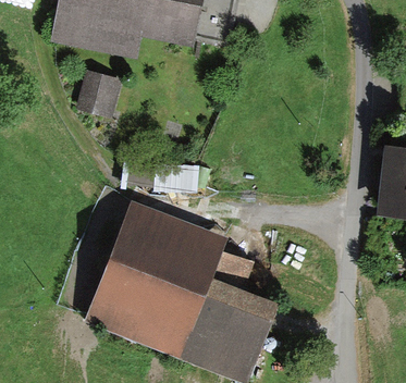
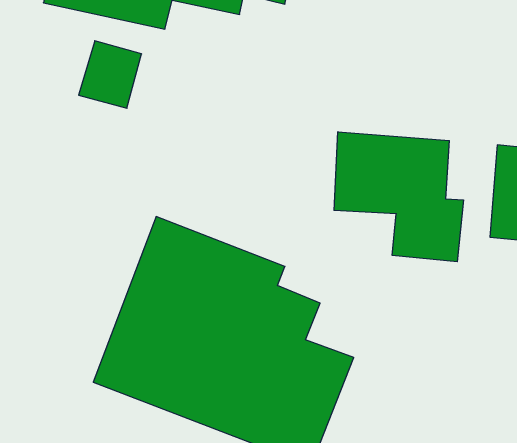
building: none -> [334,132,463,262]

